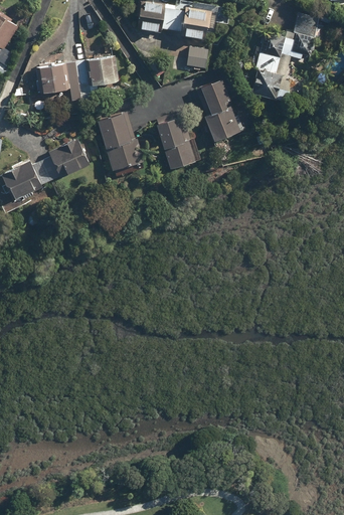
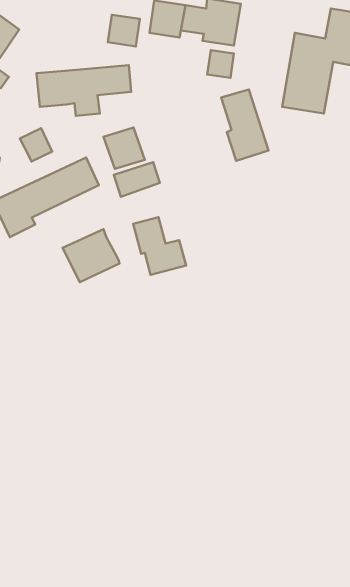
building: none -> [108,15,140,46]
building: none -> [20,128,52,161]
building: [154,118,200,168] -> [133,217,186,275]
building: none -> [62,229,119,282]

